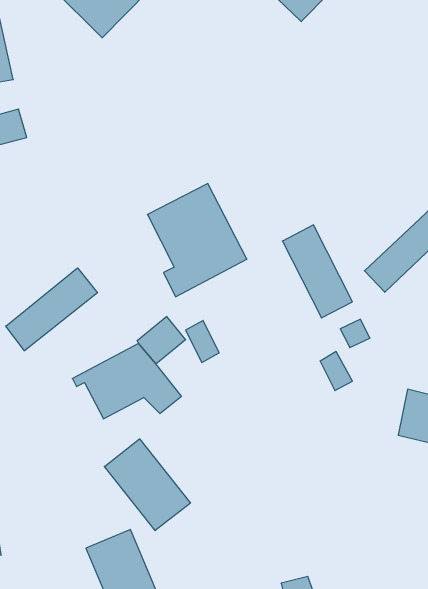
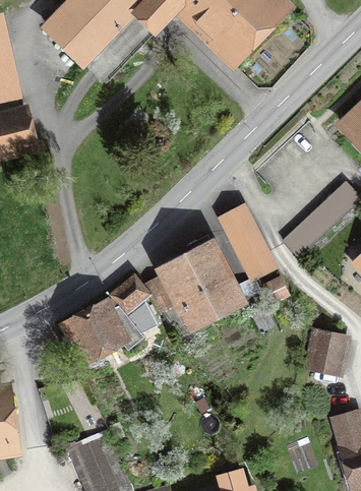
building: [147,184,247,297] -> [166,242,241,327]
building: [6,268,97,351] -> none
building: [104,439,190,531] -> none

